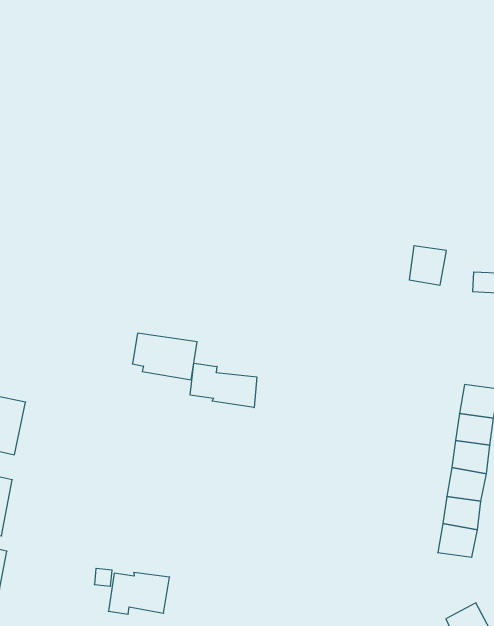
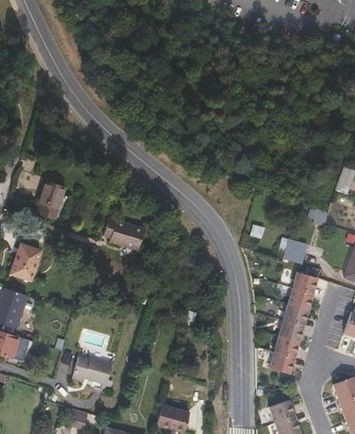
building: [409,246,446,285] -> [284,239,308,264]
building: none -> [37,181,64,218]
building: [190,363,257,408] -> none

